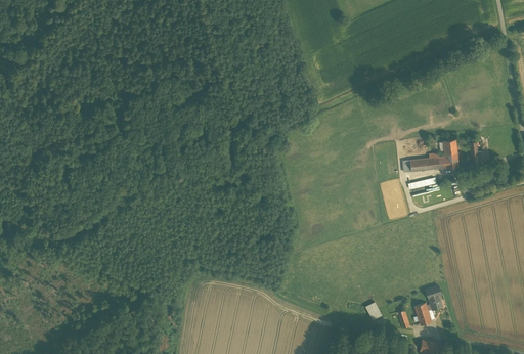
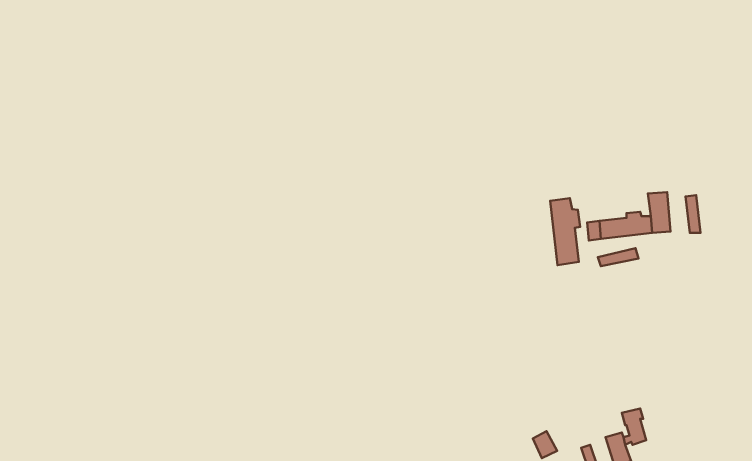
building: none -> [550,198,580,265]

